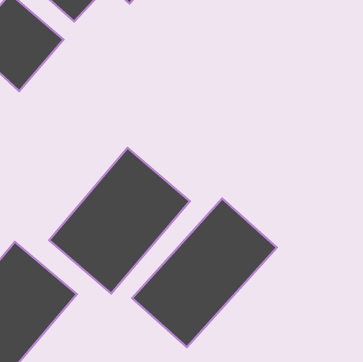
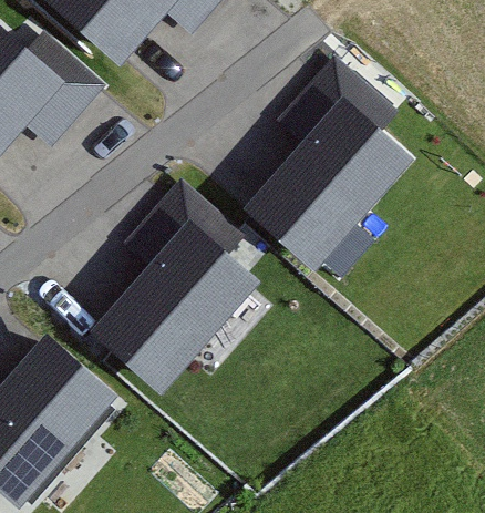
building: none -> [241,94,413,270]
building: [132,198,277,347] -> none

